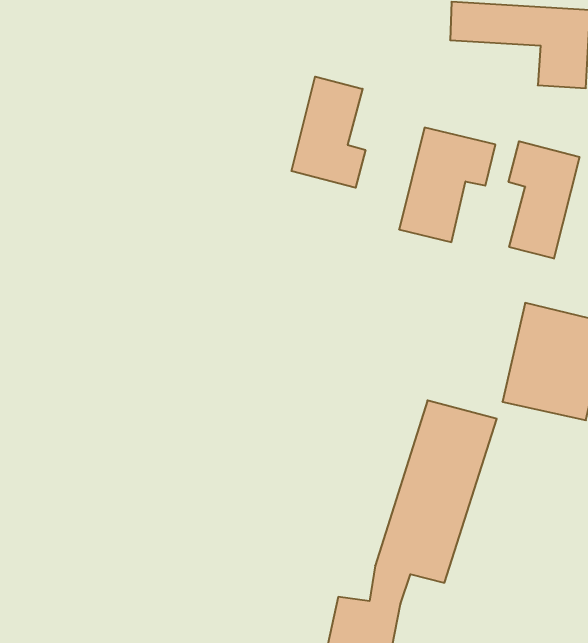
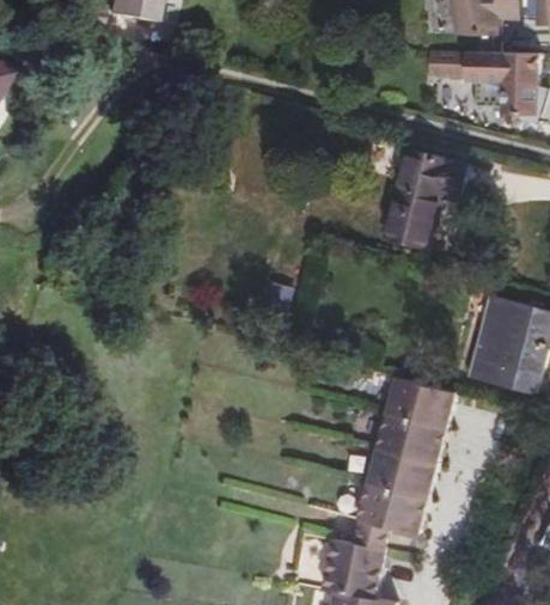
building: [291,77,365,188] -> none
building: [509,141,579,259] -> none

